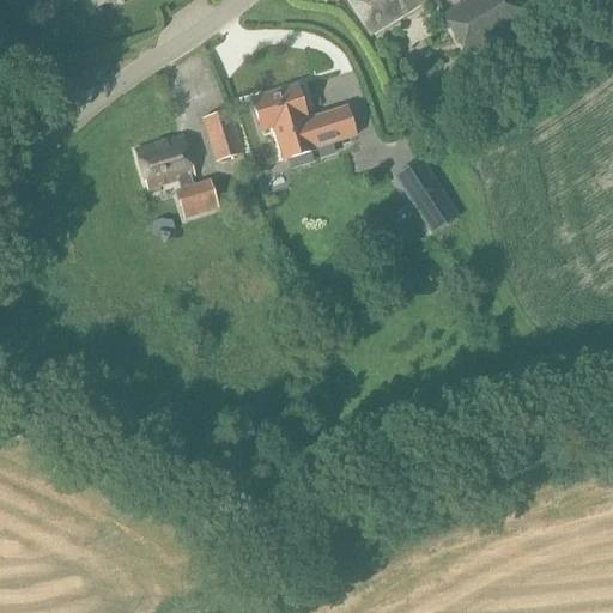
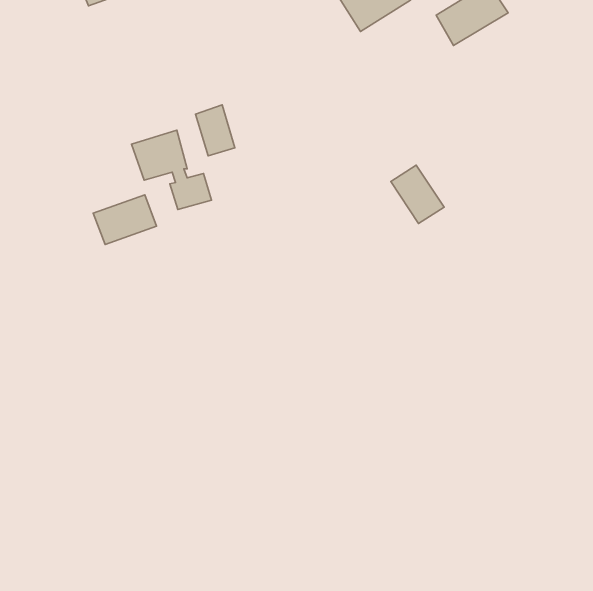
building: [253,83,354,158] -> none
building: none -> [93,195,157,244]

